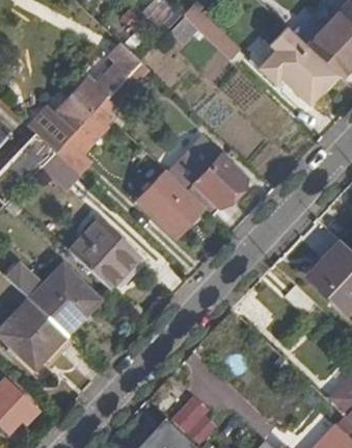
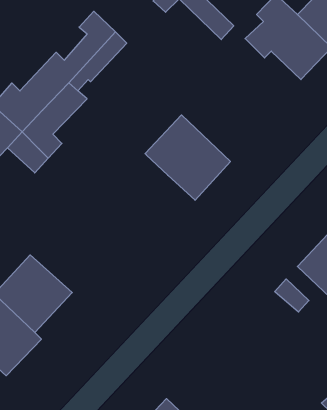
building: [141,173,199,234] -> none
building: [69,218,140,289] -> none

